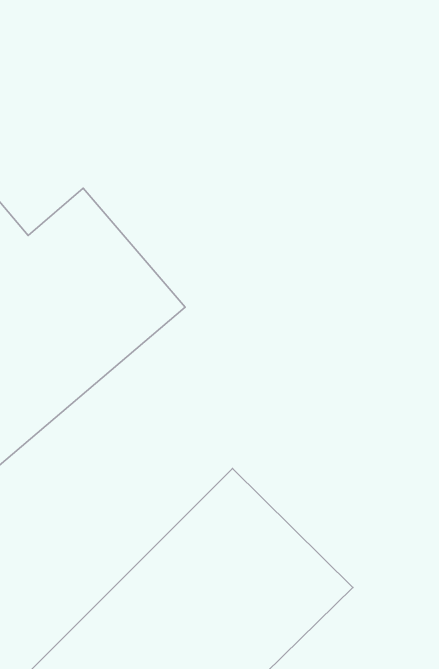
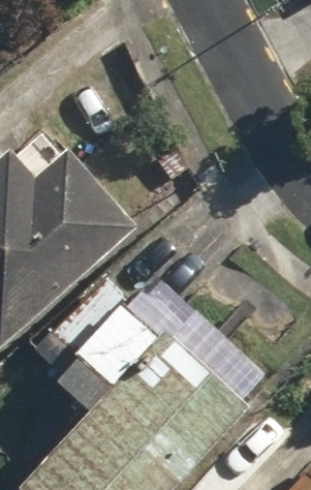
building: none -> [52,282,157,411]

